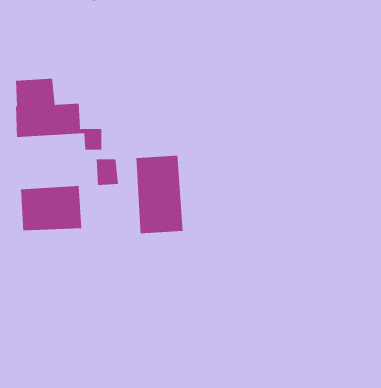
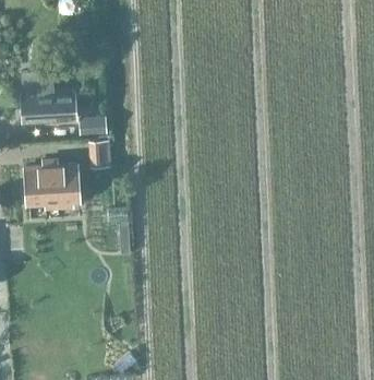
building: [136,155,183,234] -> none

